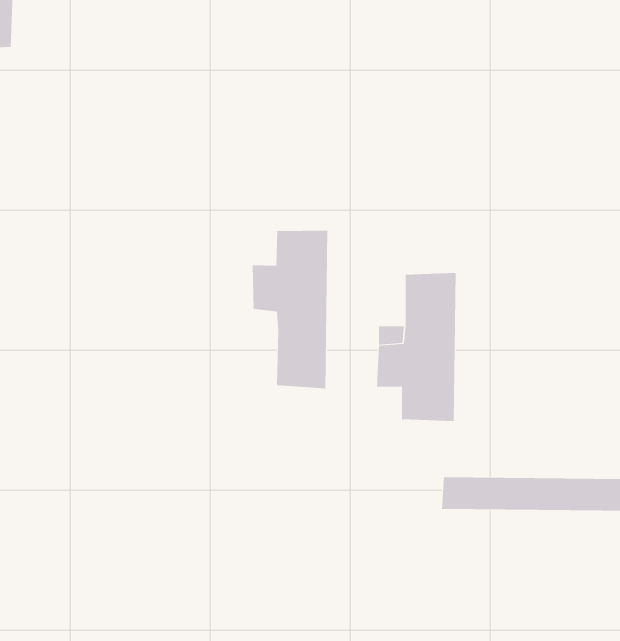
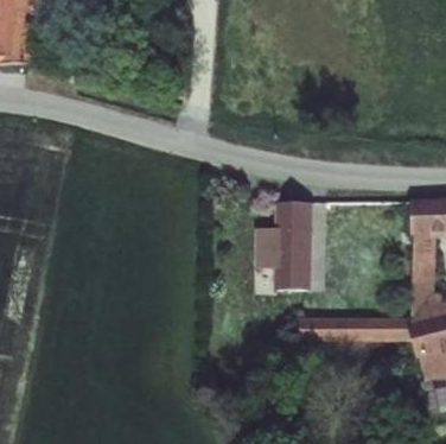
building: [252,230,328,389] -> none

